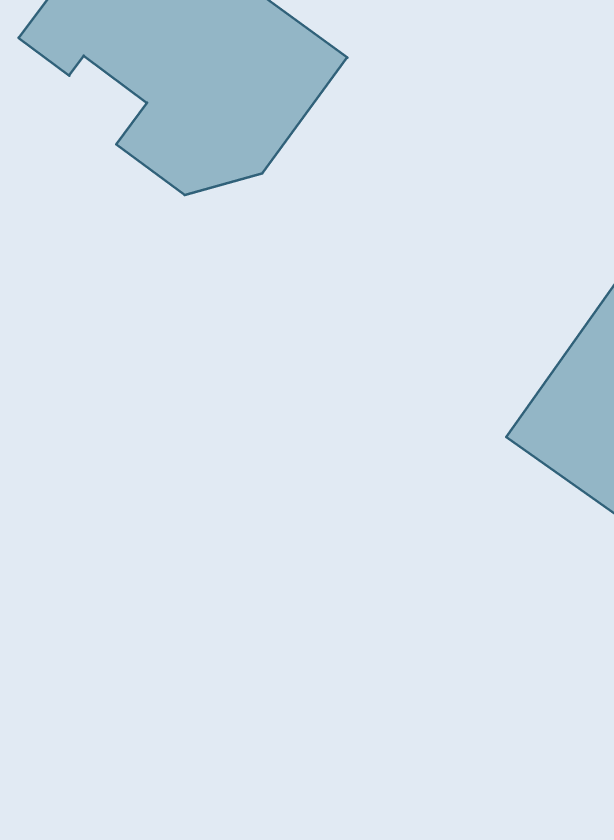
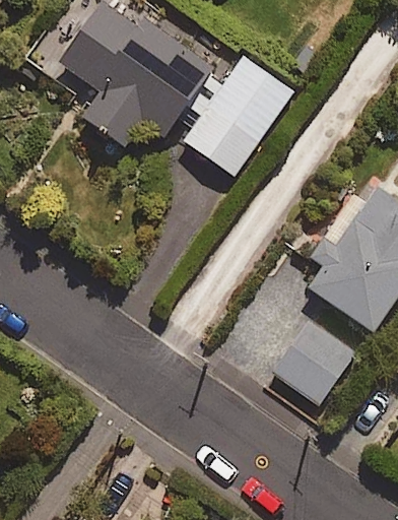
building: none -> [186,56,294,177]
building: none -> [273,322,355,405]

